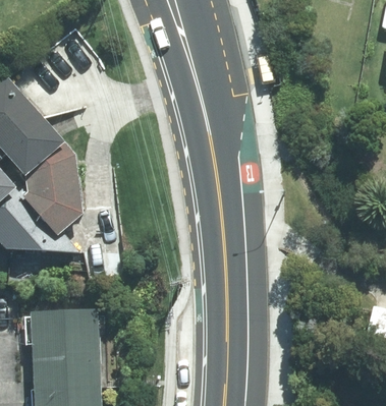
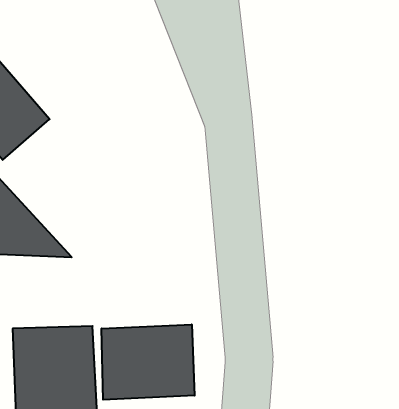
building: [25,140,84,229] -> none
building: none -> [102,324,195,400]

